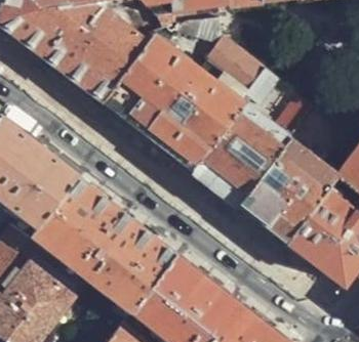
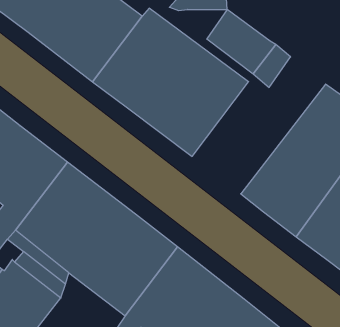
building: [190,90,311,202] -> none

